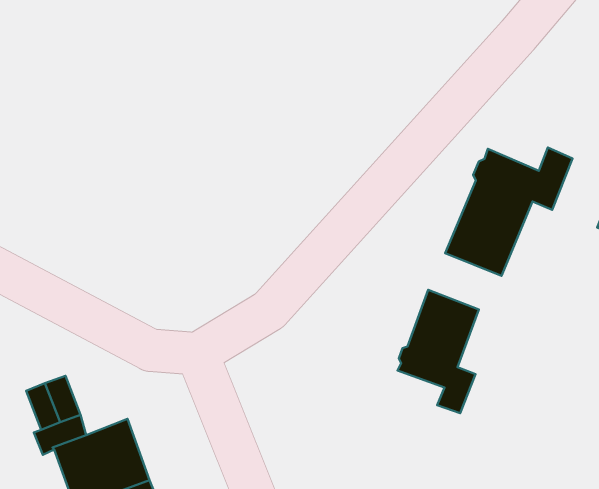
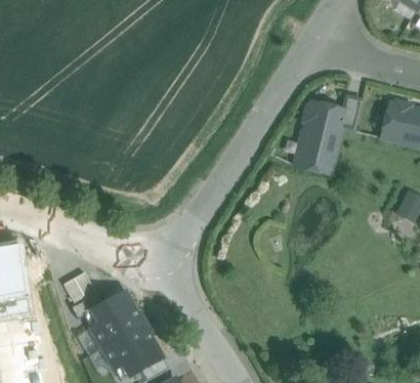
building: [398,290,479,413] -> none

